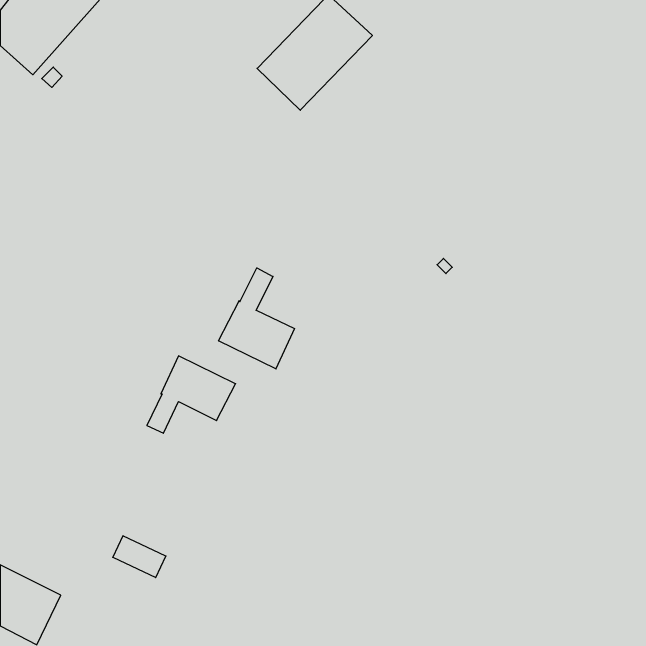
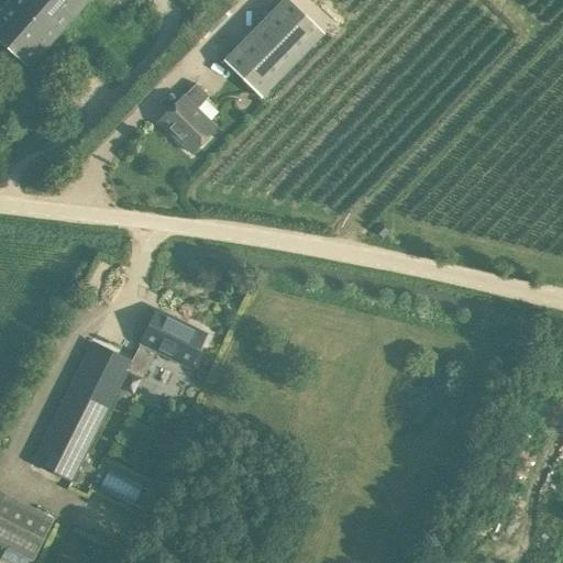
building: none -> [158,84,217,154]
building: [219,268,295,369] -> none
building: none -> [33,342,132,479]

